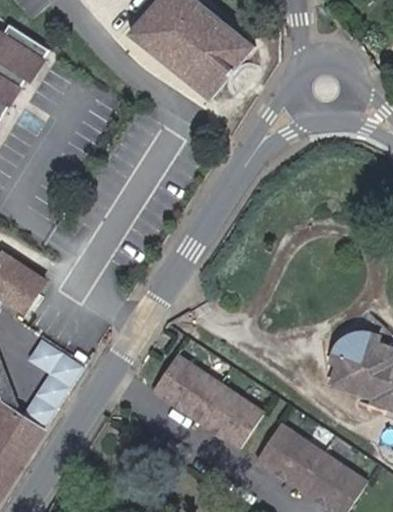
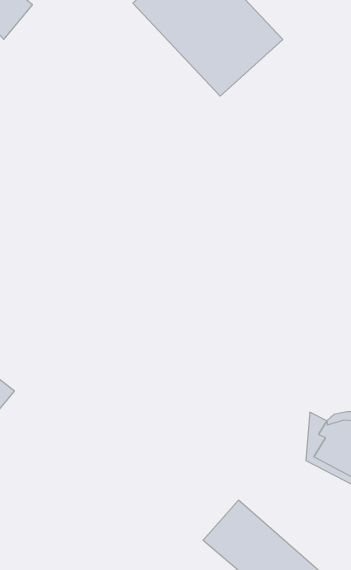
building: [151,358,262,450] -> none

